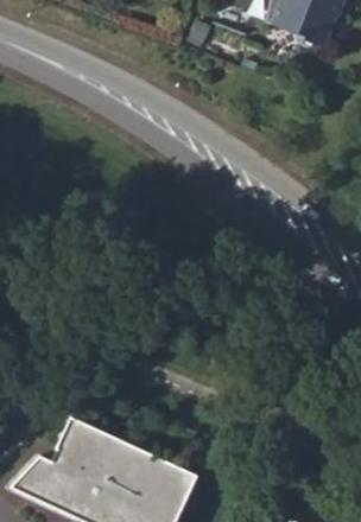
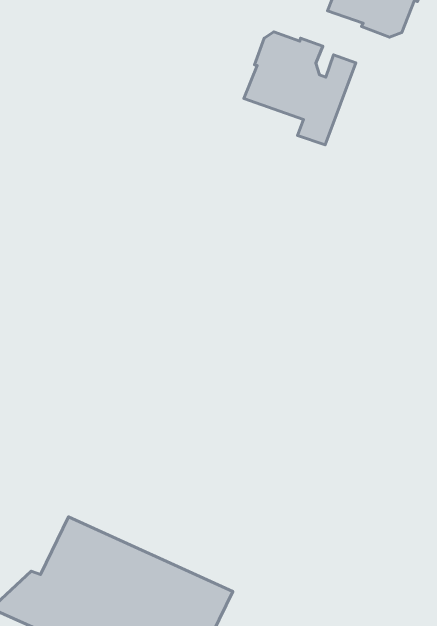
building: none -> [244,32,356,145]

